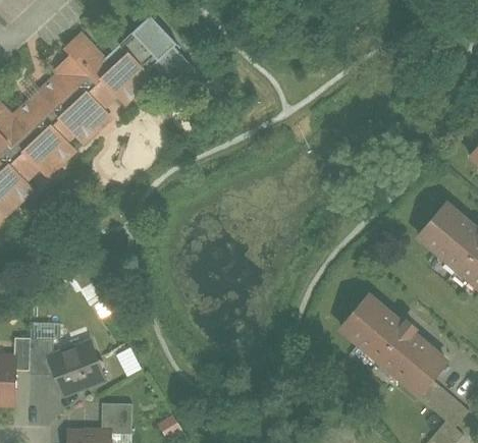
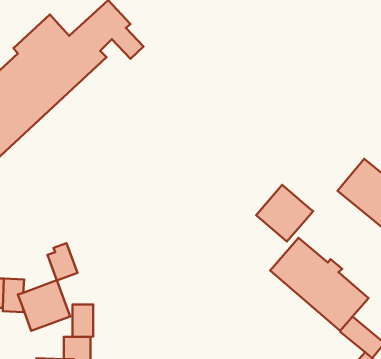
building: none -> [256,185,313,242]
building: none -> [48,243,77,280]
building: none -> [72,304,93,337]

